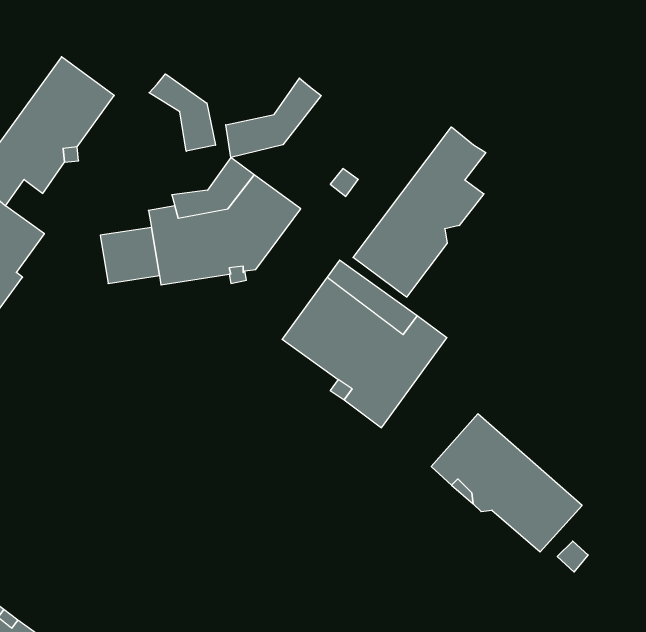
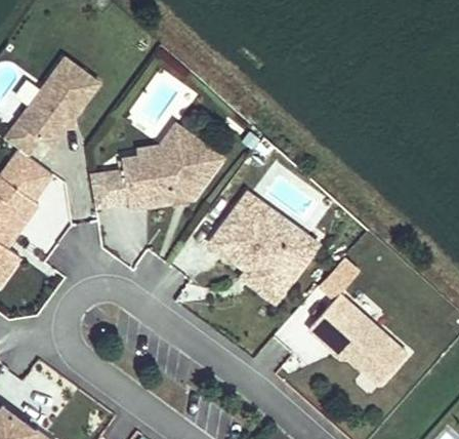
building: [149,74,215,151] -> none
building: [226,78,321,158] -> none
building: [353,127,486,297] -> none

